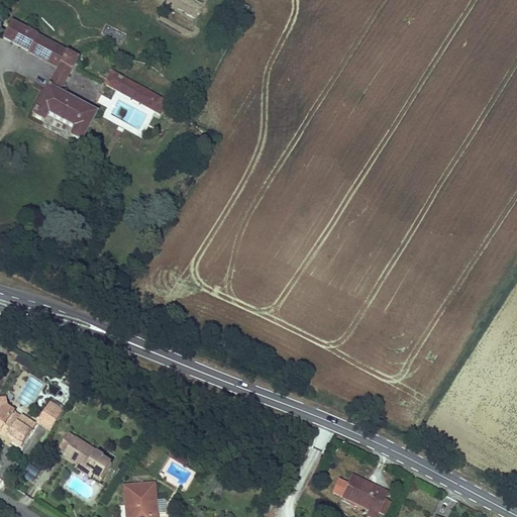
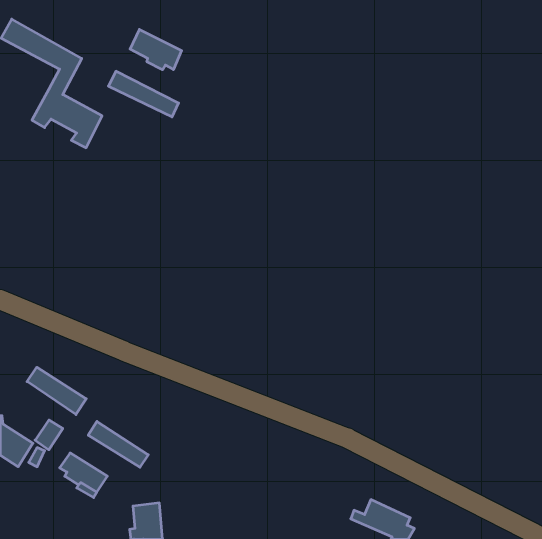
building: none -> [130,29,182,70]
building: none -> [27,367,86,415]
building: none -> [88,421,148,467]

